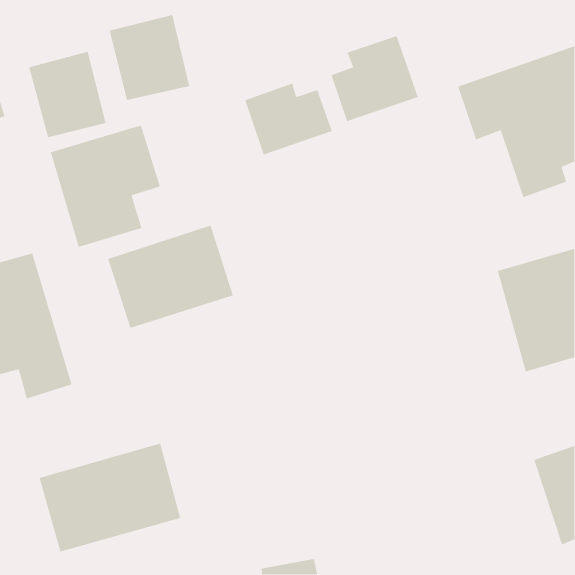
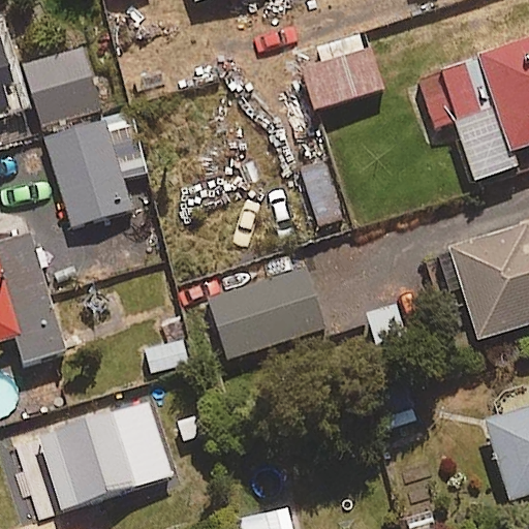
building: [109,14,190,101] -> none
building: [244,83,333,155] -> none
building: [107,225,234,329] -> [208,262,323,357]

